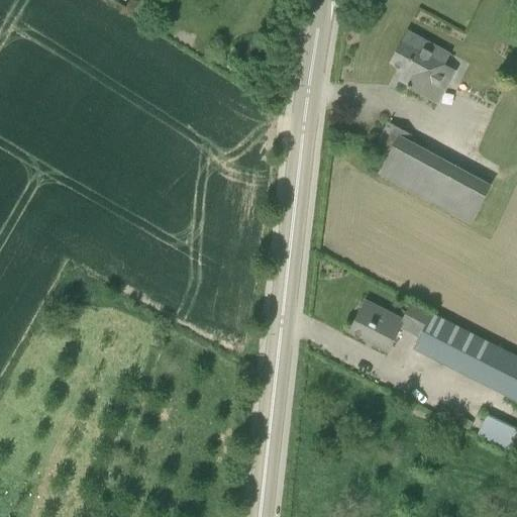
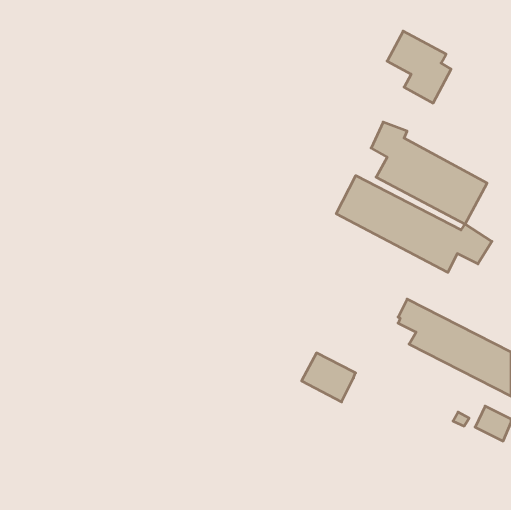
building: none -> [336,176,492,272]
building: [349,301,404,350] -> [302,353,356,402]

